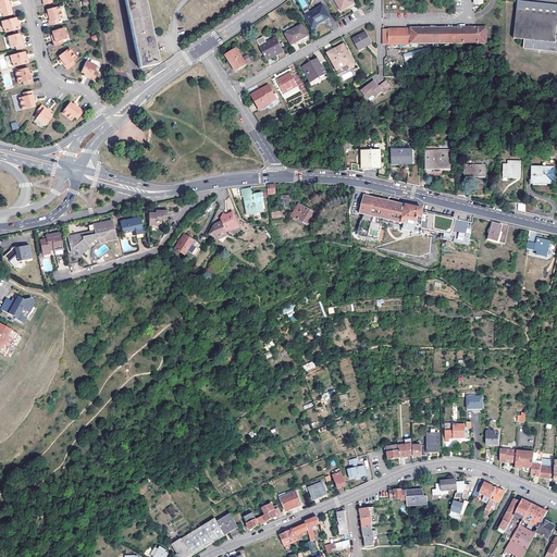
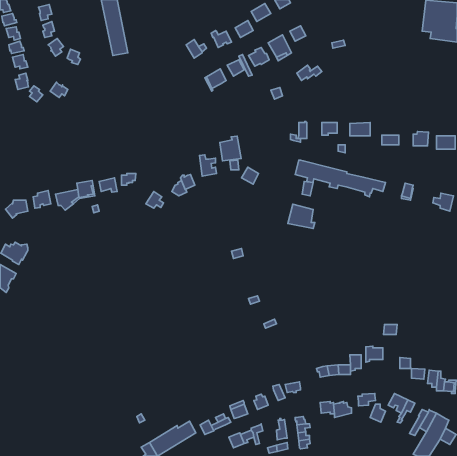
building: [383,27,486,44] -> none
building: none -> [220,136,241,161]
building: none -> [288,204,315,229]

